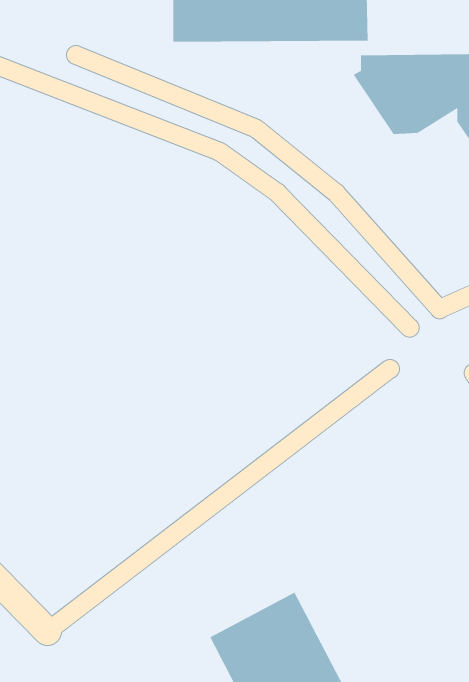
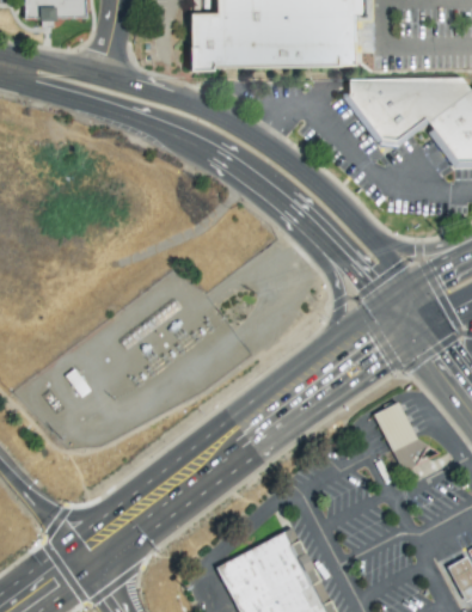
building: none -> [373,400,429,471]

